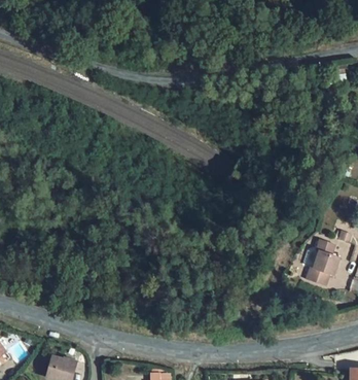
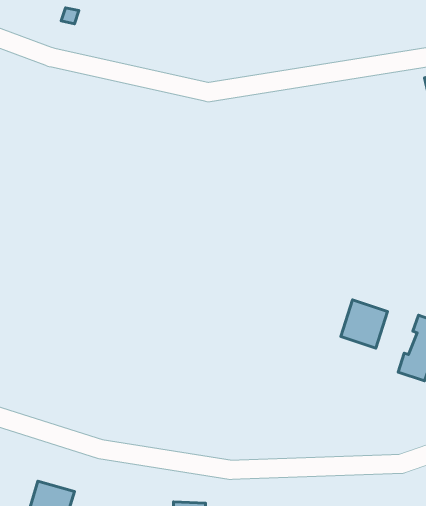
building: none -> [341,300,387,348]

